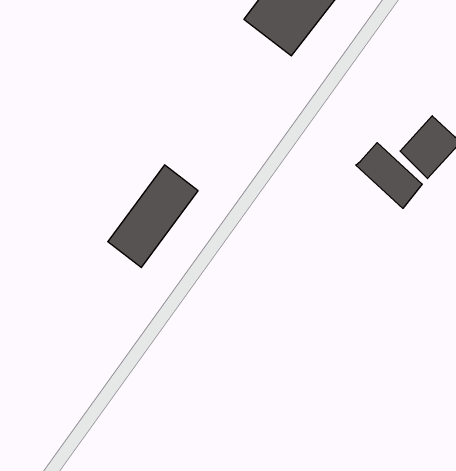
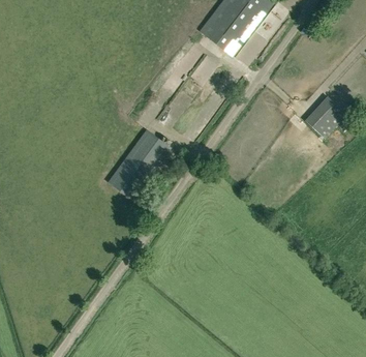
building: [356,143,422,208] -> none

